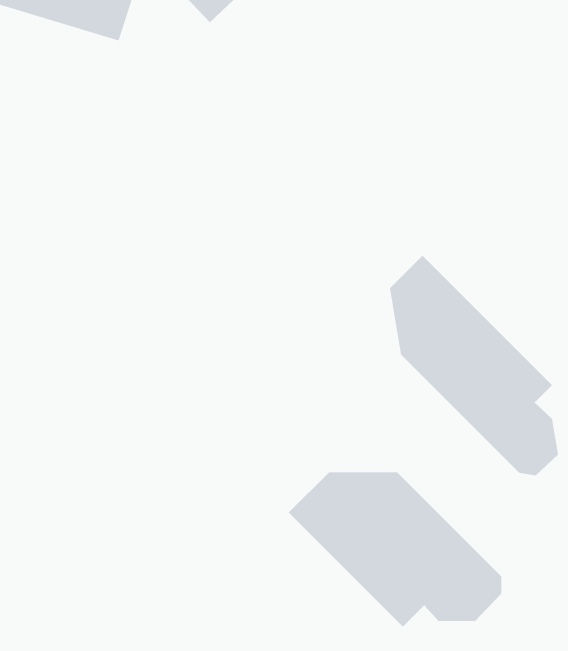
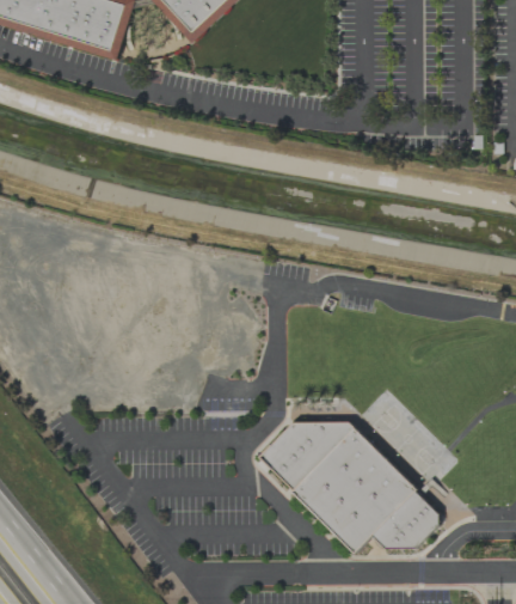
building: [389,255,559,476] -> none

